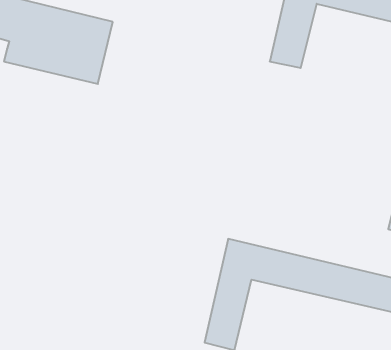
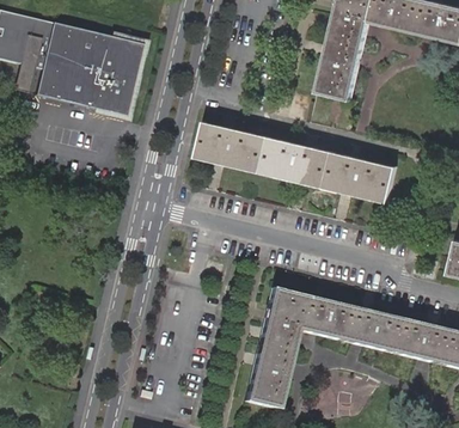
building: none -> [198,121,397,203]

